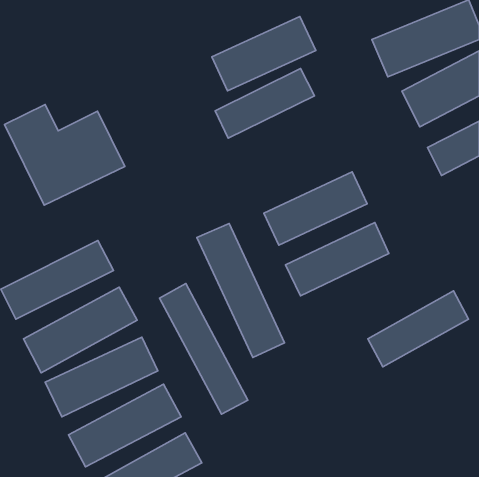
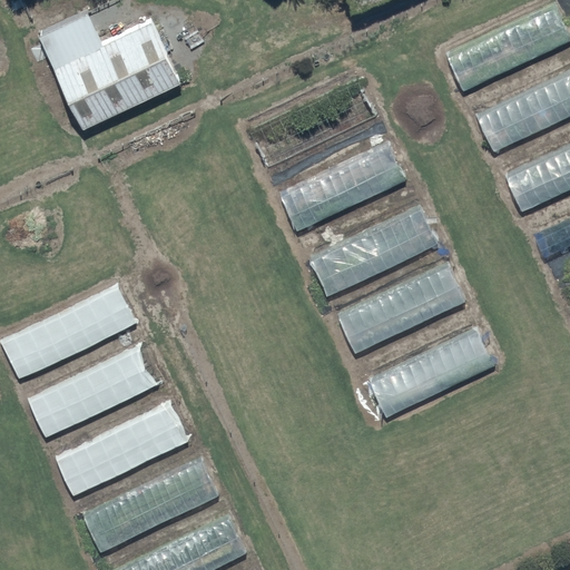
building: [212,17,316,91] -> [279,142,403,230]
building: [5,105,125,205] -> [39,9,181,128]
building: [197,223,284,357] -> none
building: [159,283,248,414] -> none
building: [368,291,468,367] -> [370,328,489,419]

